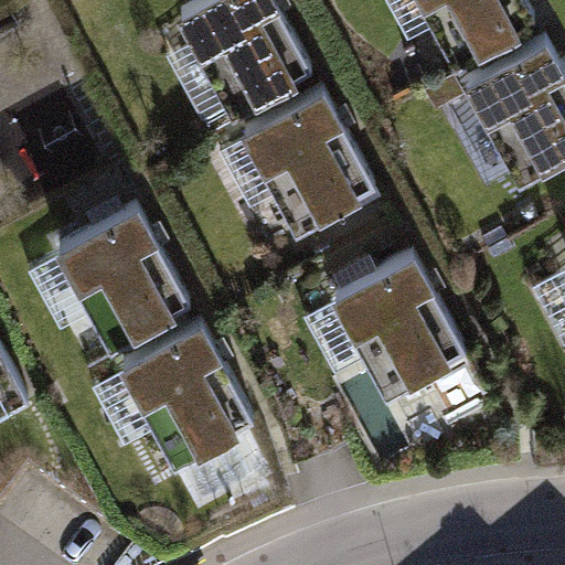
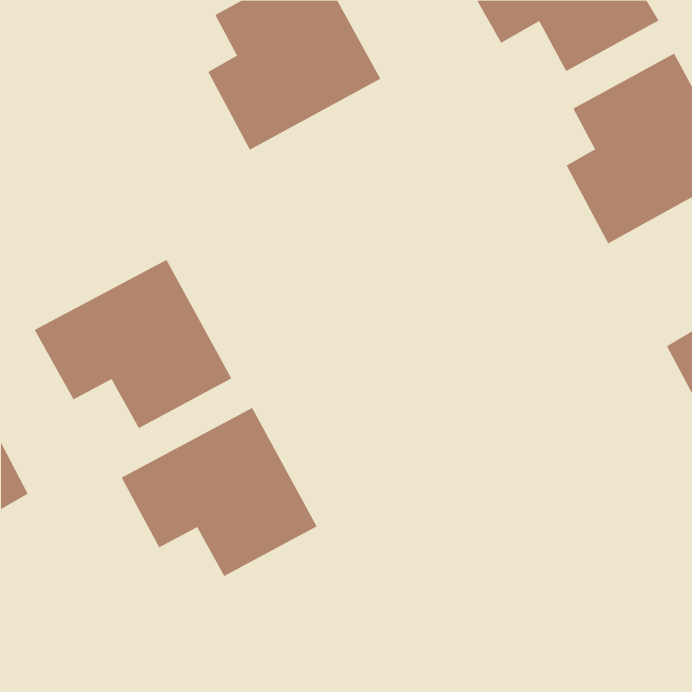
building: [218,95,379,233] -> none
building: [309,257,469,396] -> none

